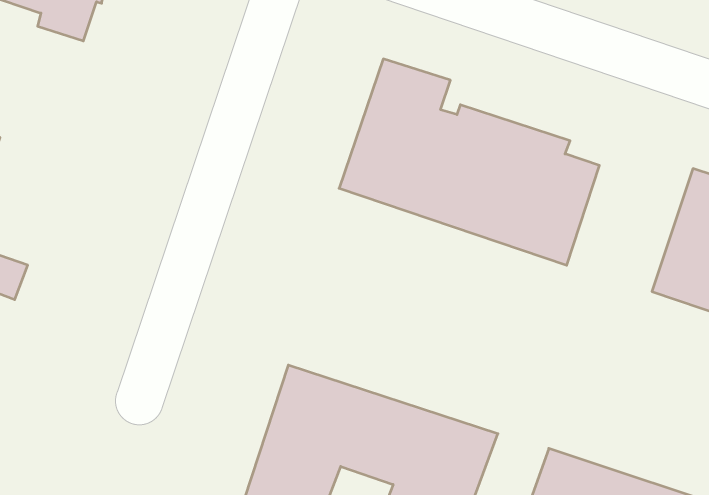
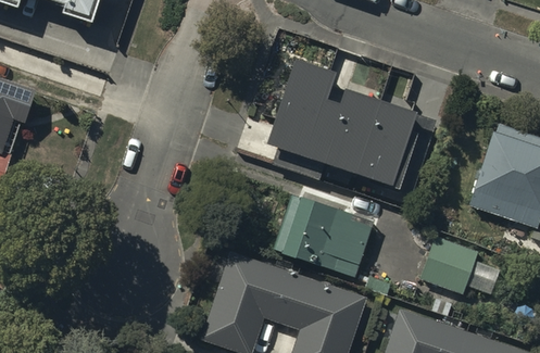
building: none -> [272,191,376,277]
building: none -> [419,236,478,293]

